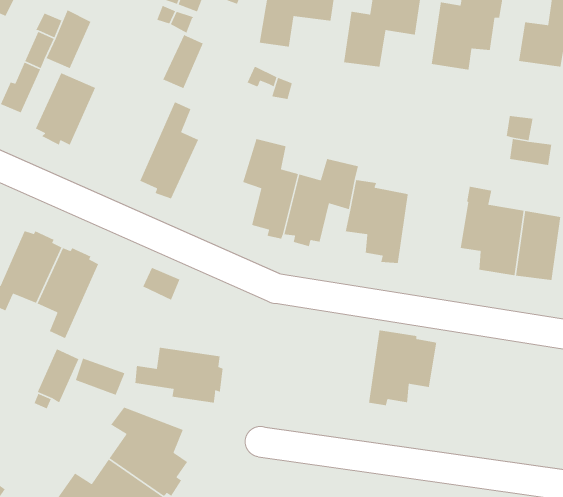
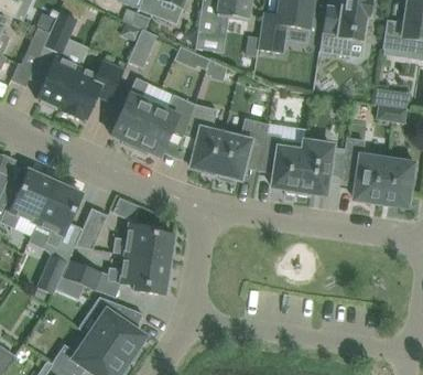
building: none -> [61,60,124,120]
building: none -> [134,93,195,156]
building: none -> [75,206,108,248]
building: none -> [113,223,174,259]
building: [368,329,437,406] -> [297,140,347,195]

